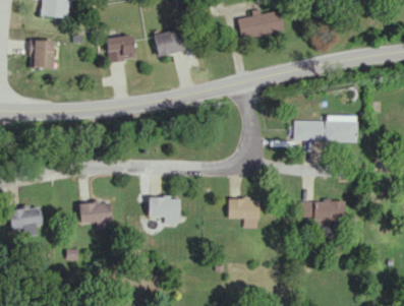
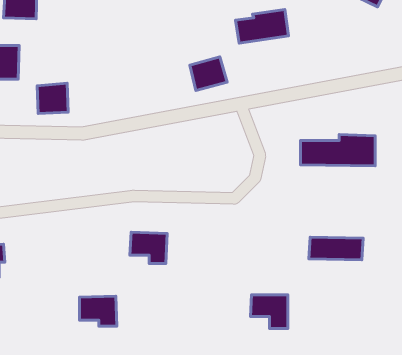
building: [155,28,186,57] -> [190,57,227,91]
building: [108,36,134,61] -> [37,83,68,113]
building: [228,199,259,228] -> [250,295,288,329]
building: [80,202,112,228] -> [80,296,117,326]

